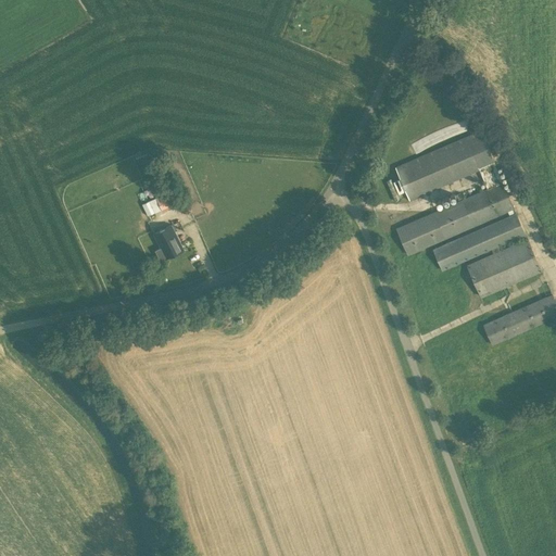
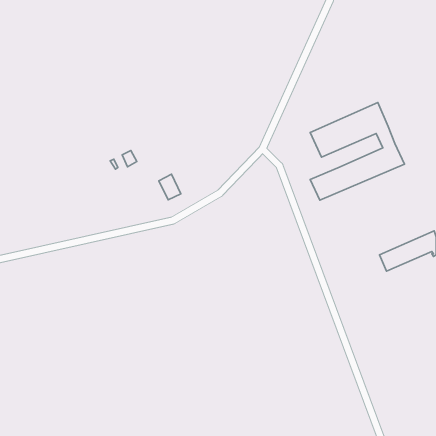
building: [431,214,541,298] -> none
building: [154,226,182,258] -> [159,174,181,200]

